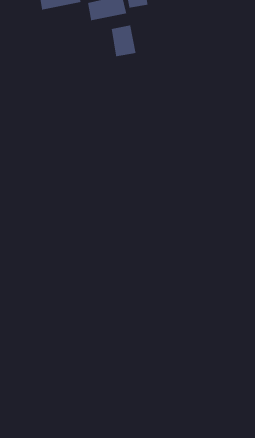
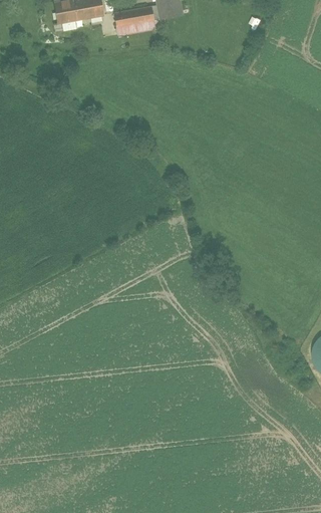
building: [111,24,137,57] -> none

